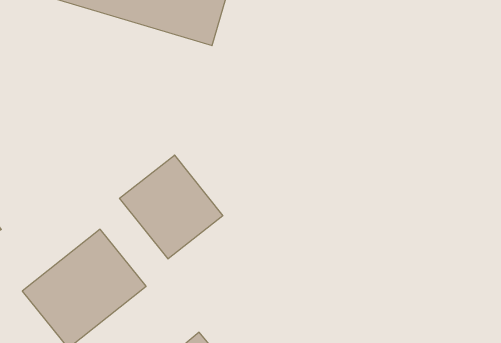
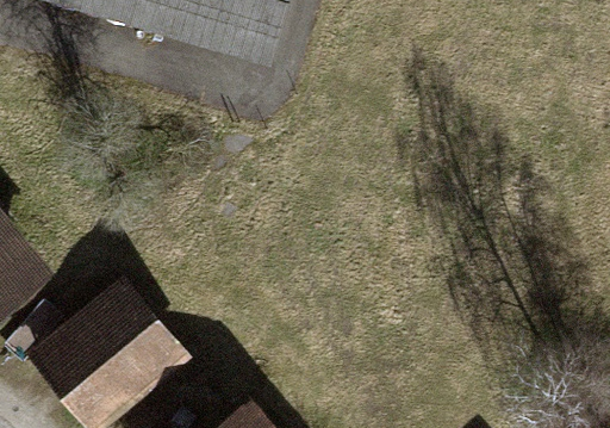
building: [120,155,223,259] -> none

